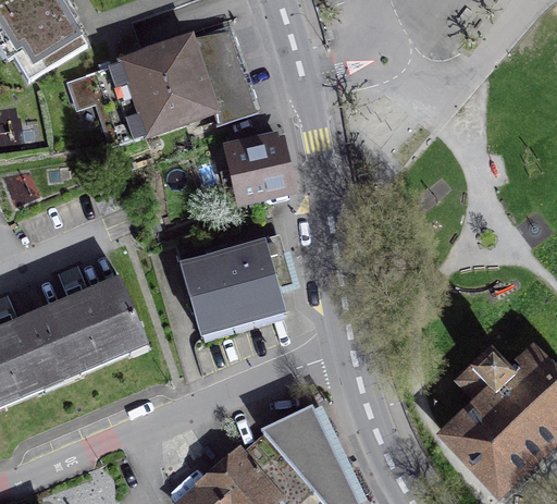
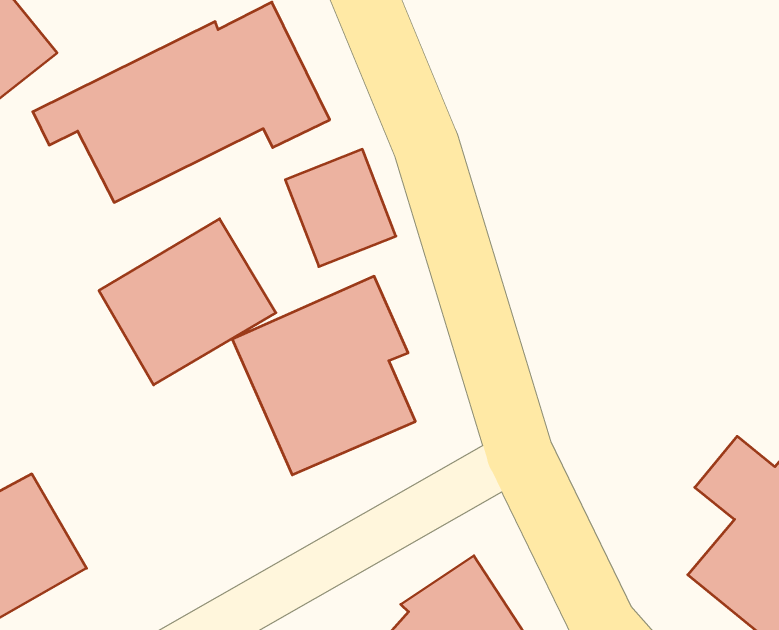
building: [34,278,146,379] -> [99,219,276,385]

